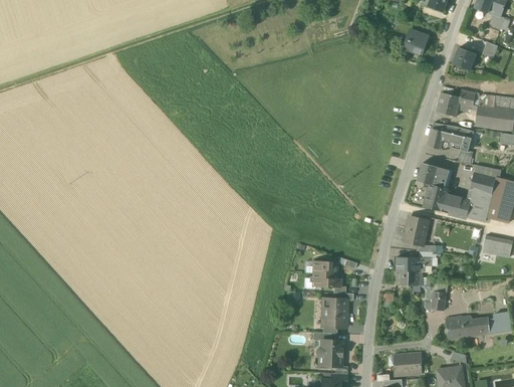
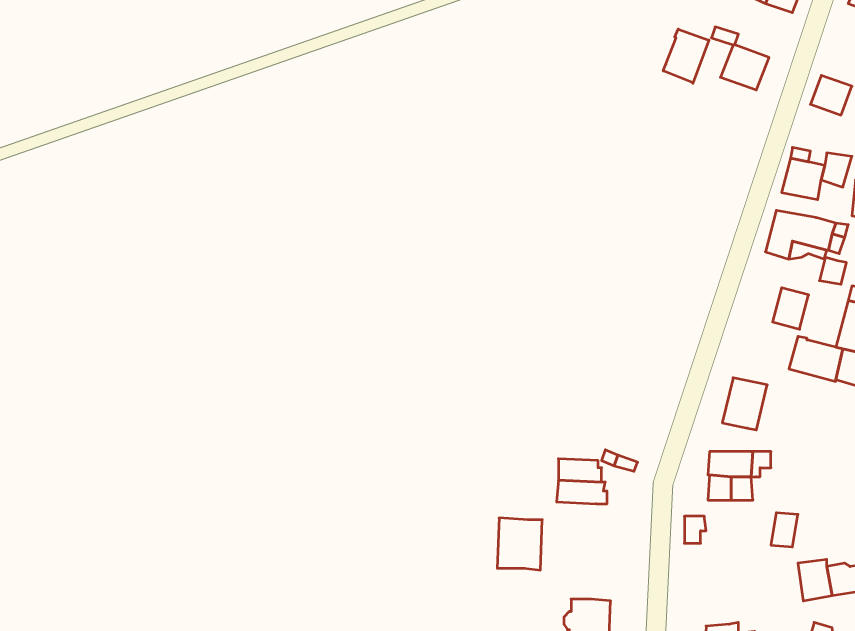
building: none -> [663,29,709,83]
building: [418,163,447,211] -> none
building: [321,299,346,328] -> [497,518,542,570]

